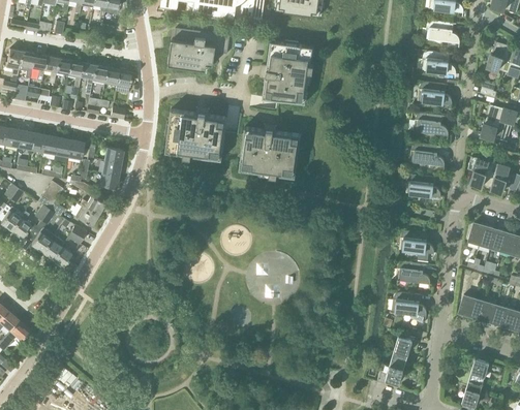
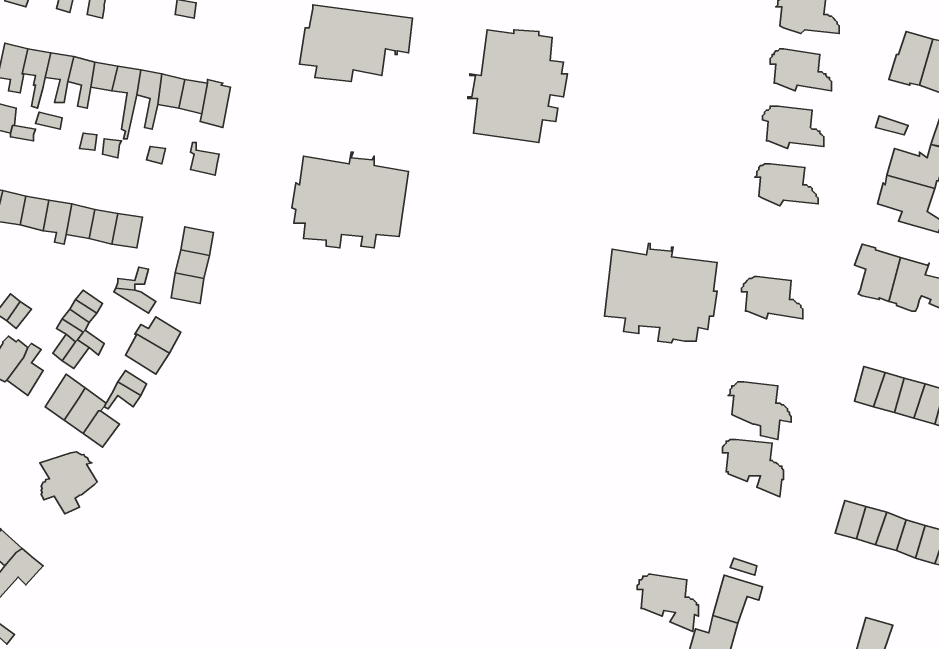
building: [241,125,302,179] -> [604,243,717,343]
building: [412,146,446,167] -> none
building: none -> [40,452,97,514]
building: [394,293,427,324] -> [637,574,698,632]

